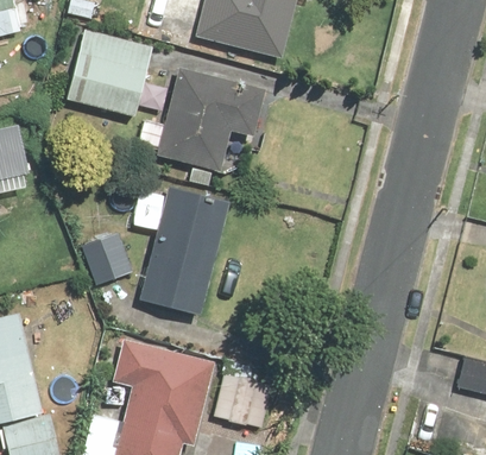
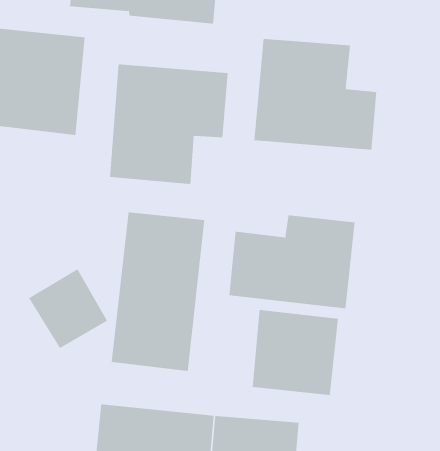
building: none -> [254,38,377,151]
building: none -> [229,214,355,309]
building: none -> [252,309,338,396]

